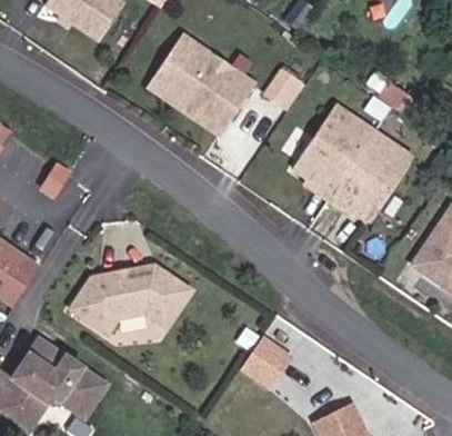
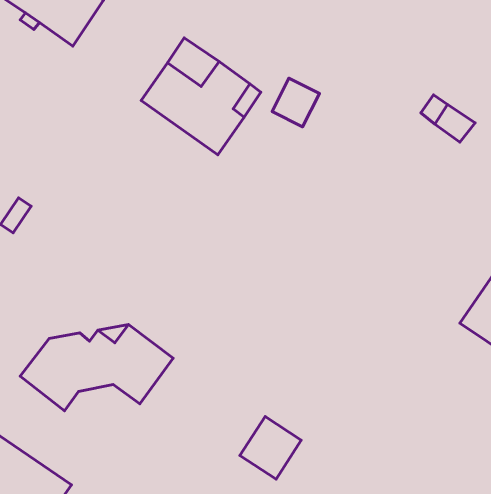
building: [294,101,415,218] -> none

